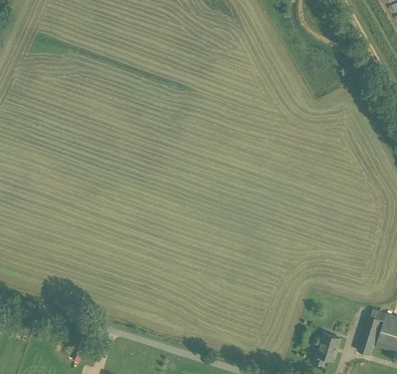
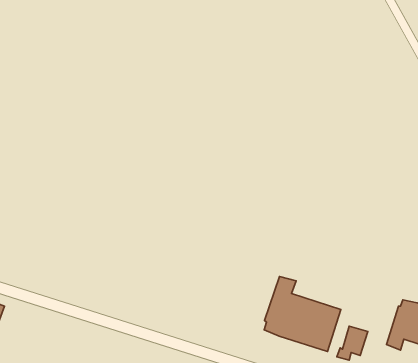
building: none -> [264,277,341,352]

